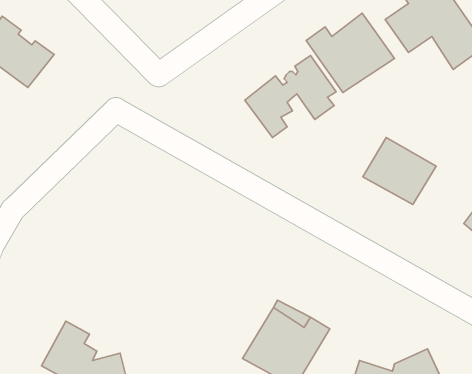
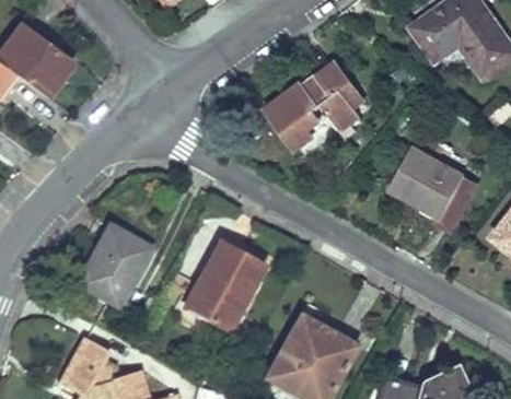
building: [306,13,395,93] -> none
building: none -> [78,224,152,305]
building: none -> [184,239,266,331]

